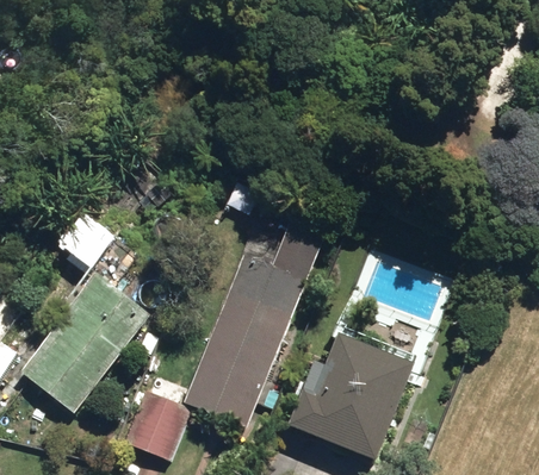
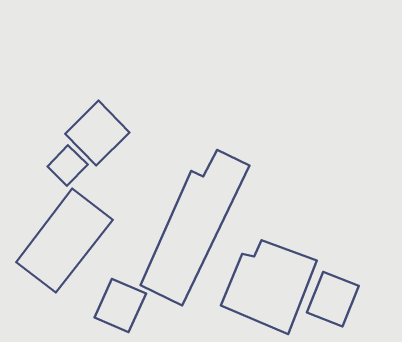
building: none -> [65,100,130,166]
building: none -> [307,272,359,326]

